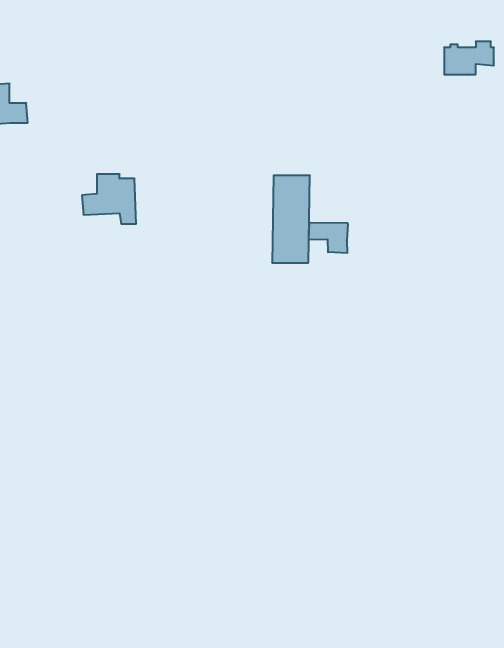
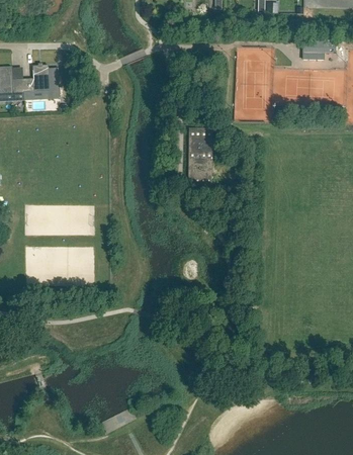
building: [82,174,136,224] -> [23,65,60,98]
building: [309,222,348,253] -> none

